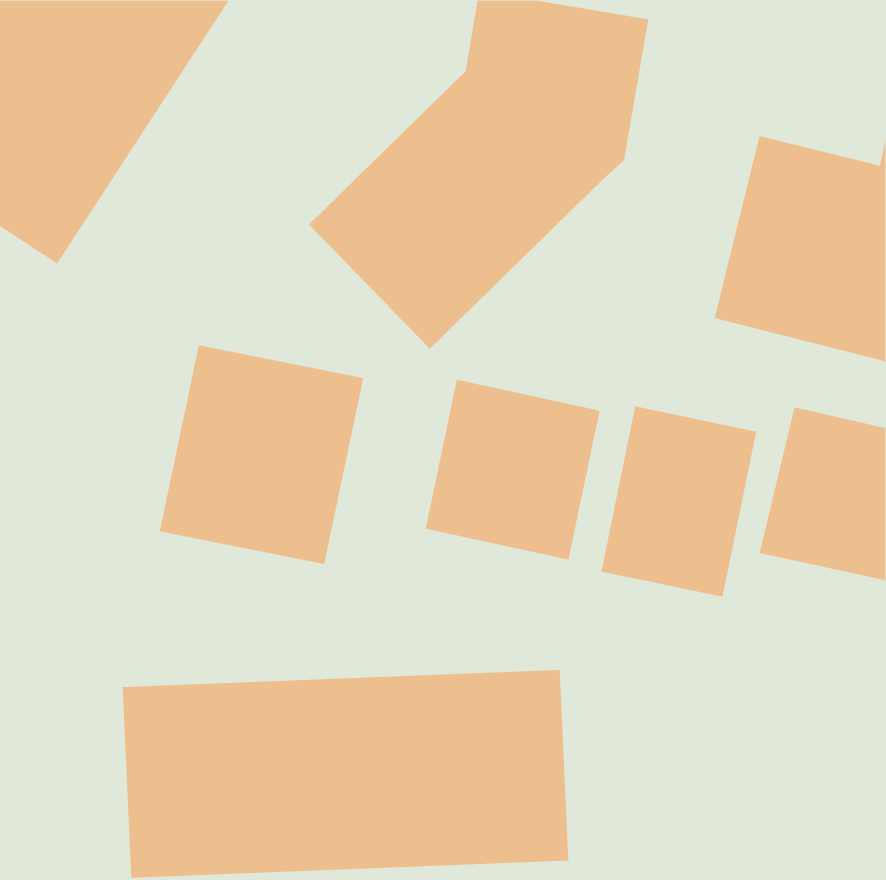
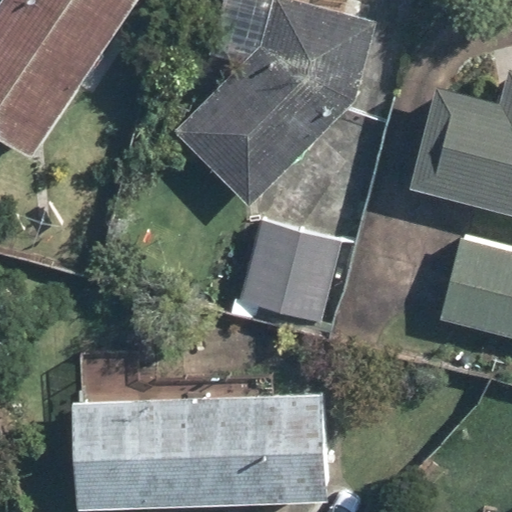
building: [159,344,364,565] -> none
building: [601,406,757,598] -> none

